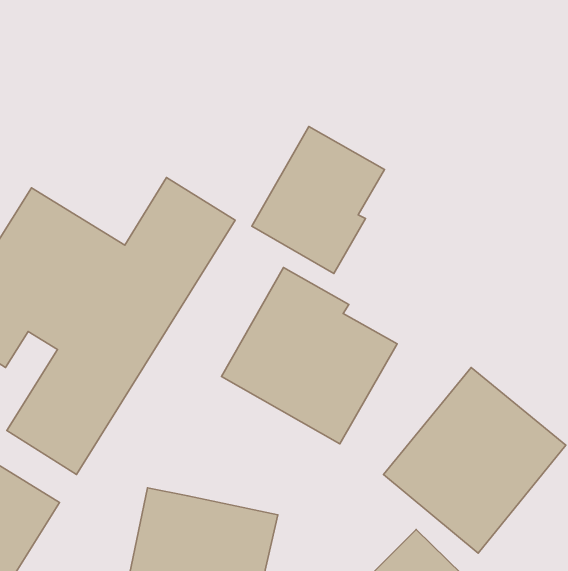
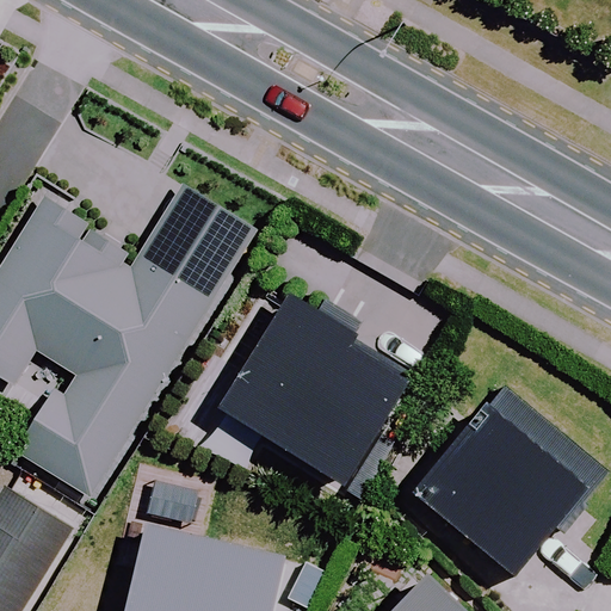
building: [252,126,385,273] -> none

